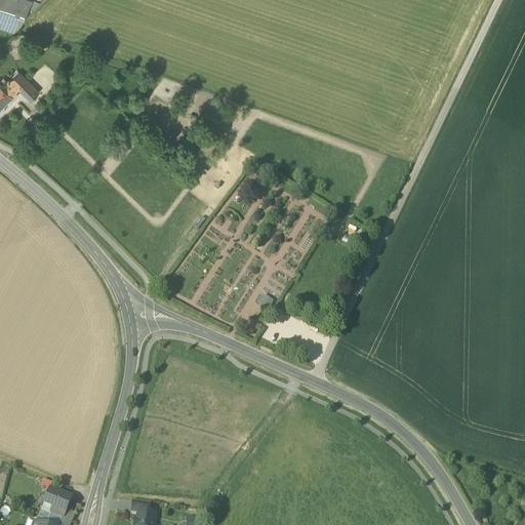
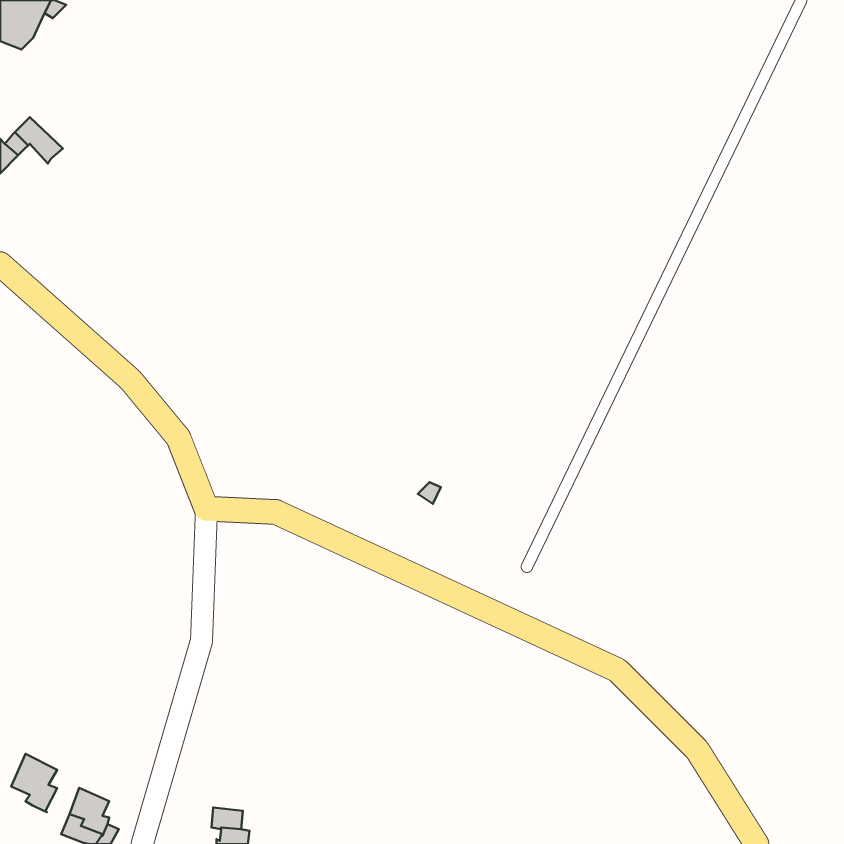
building: none -> [11,754,57,812]

